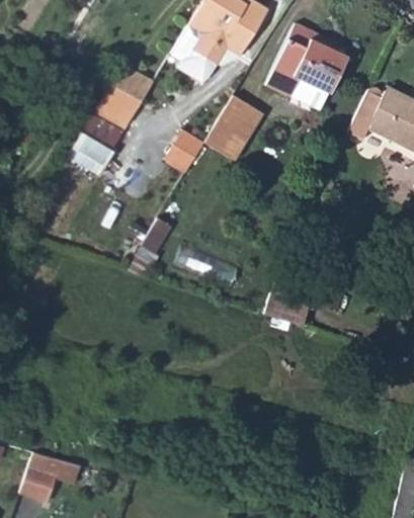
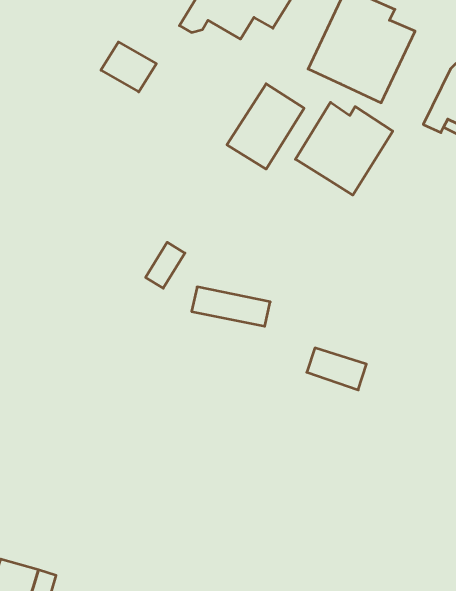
building: [91,87,139,137] -> none
building: none -> [295,102,393,195]
building: [74,124,118,159] -> none
building: [163,132,203,174] -> none

